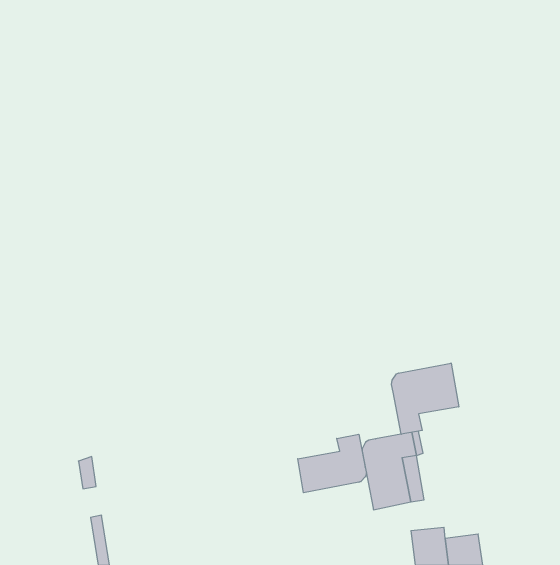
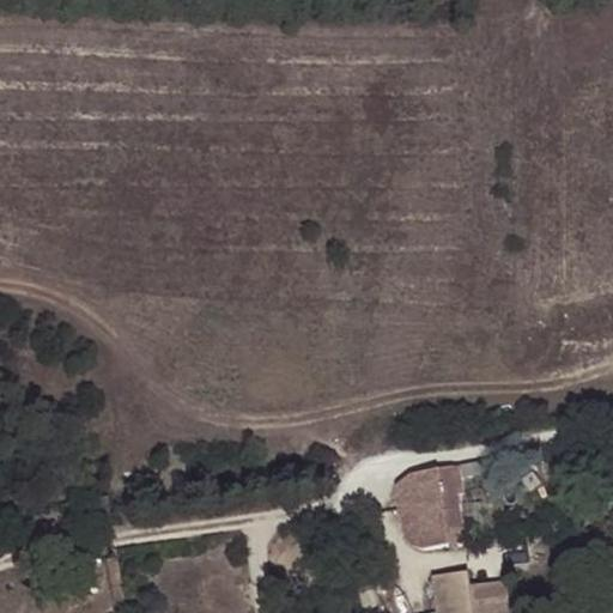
building: [391,363,459,434] -> none
building: [298,434,366,493] -> none

